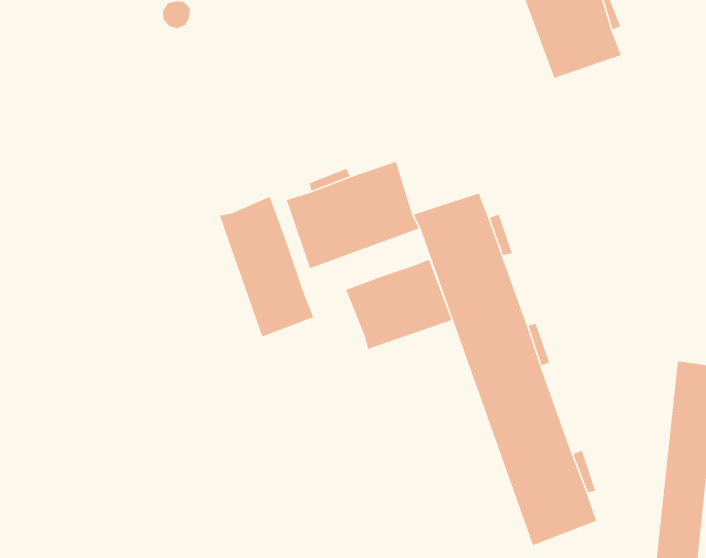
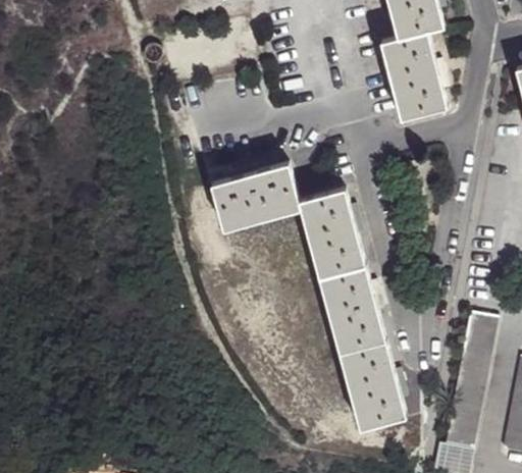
building: [219,196,314,337] -> none
building: [345,259,452,350] -> none

